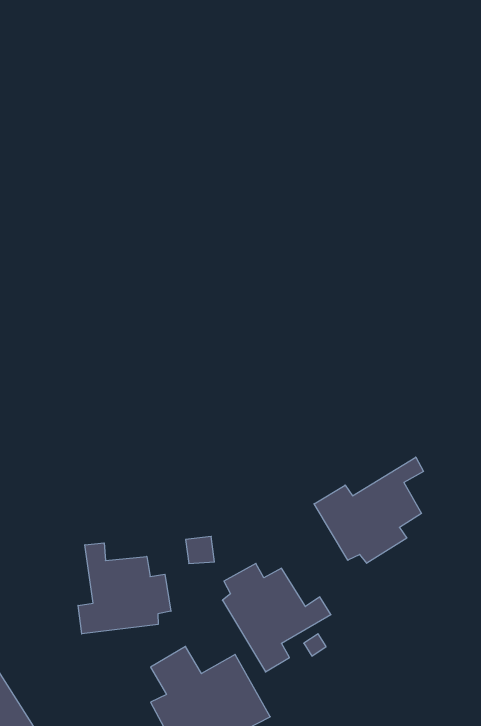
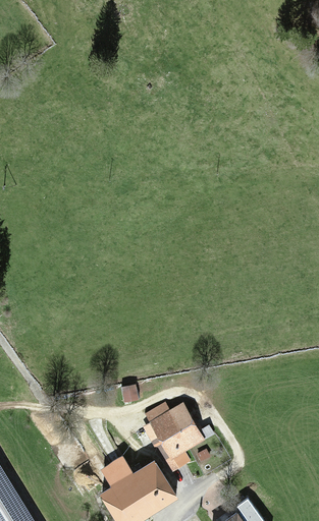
building: [314,457,423,563] -> none
building: [78,543,171,634] -> none

